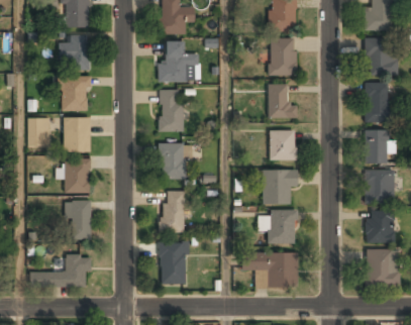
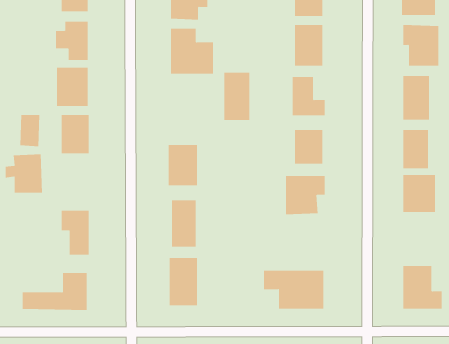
building: [160,90,183,132] -> [224,72,250,121]
building: [58,158,91,193] -> [5,154,43,193]
building: [263,211,296,244] -> none
building: [367,211,396,242] -> none

